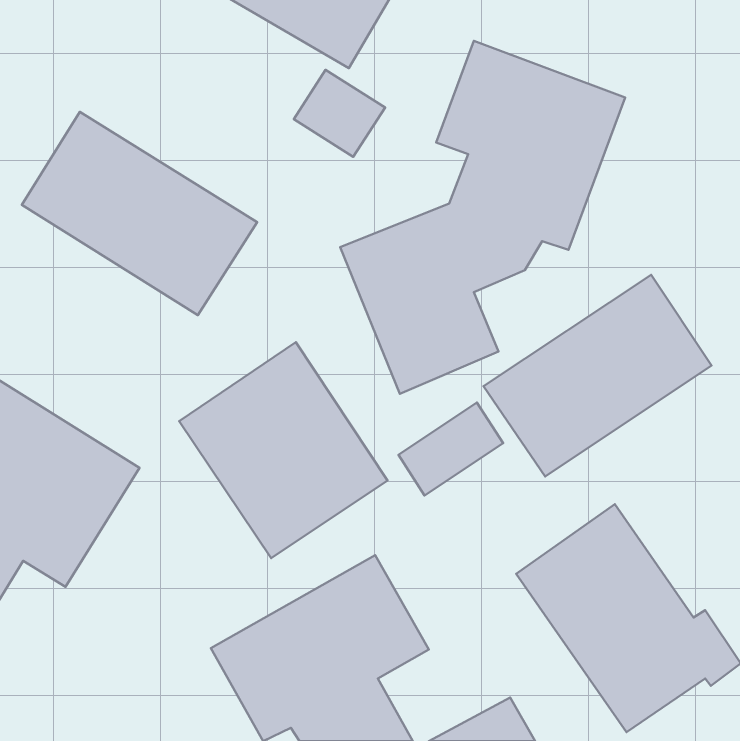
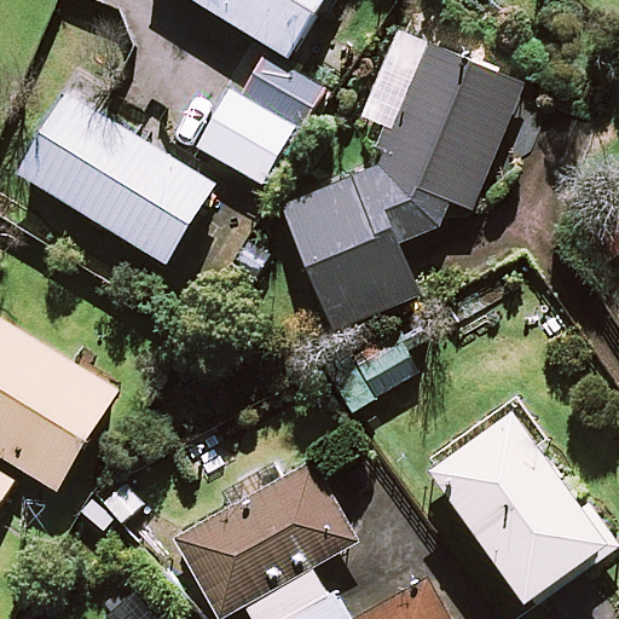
building: none -> [197,91,294,184]
building: [484,275,711,477] -> none
building: [179,342,388,558] -> none

